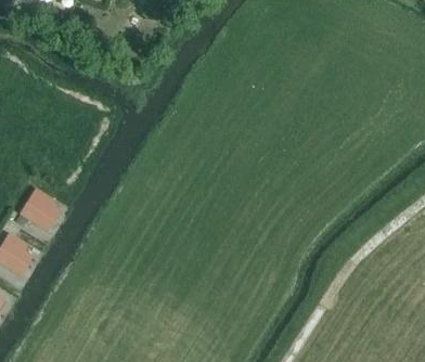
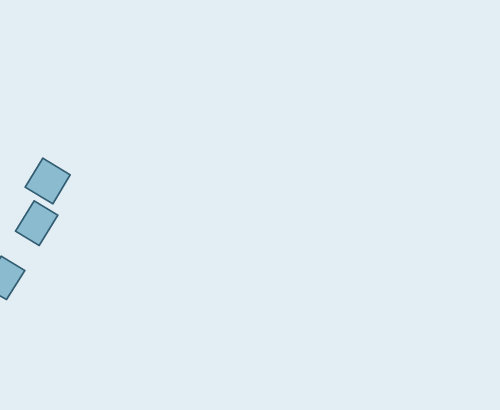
building: none -> [25,158,70,204]

